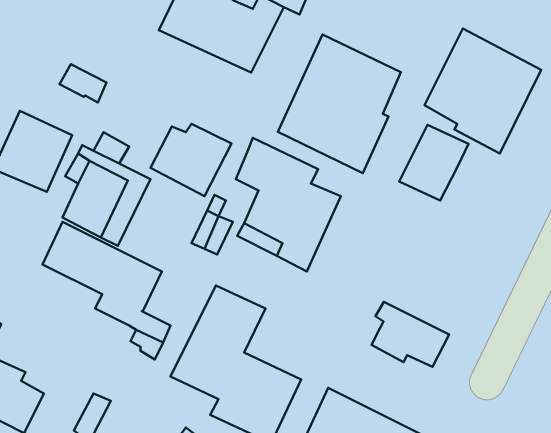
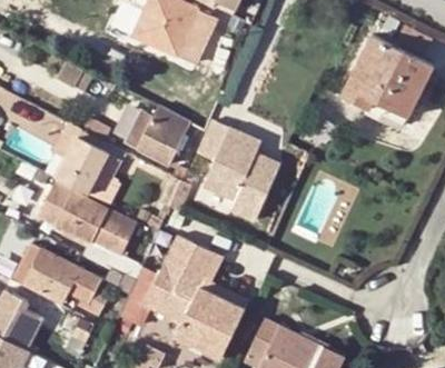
building: [278,35,401,173] -> none
building: [399,125,468,200] -> none
building: none -> [16,242,108,316]
building: [371,302,449,367] -> none

